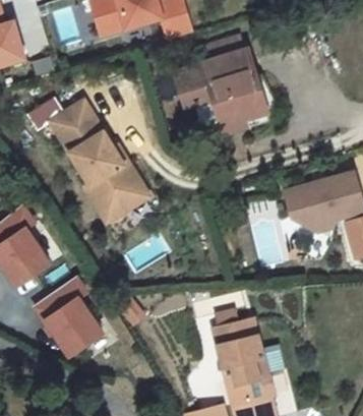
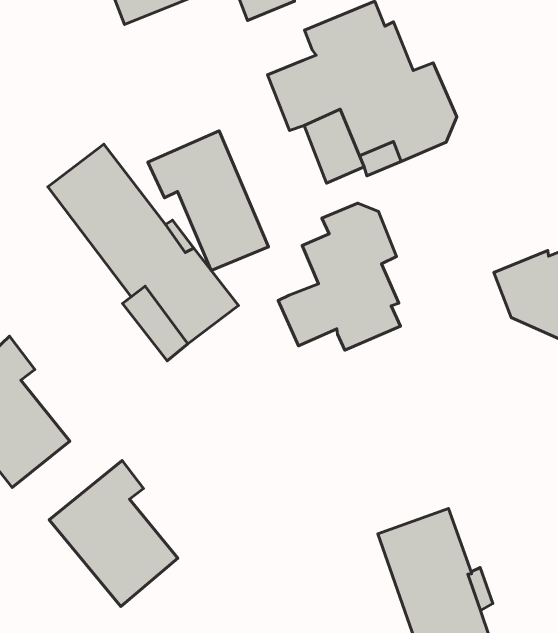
building: none -> [148,131,269,270]
building: none -> [278,203,401,350]

